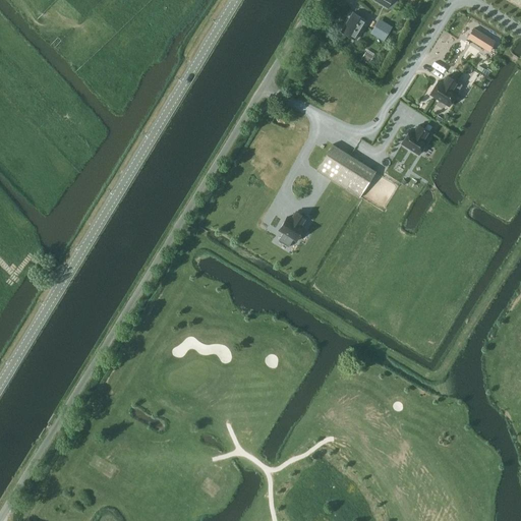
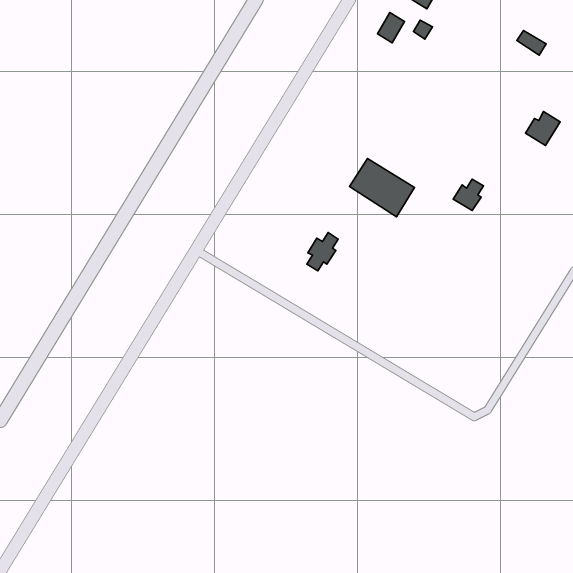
building: [431,74,463,105] -> [525,112,560,145]
building: [403,124,430,153] -> [453,179,483,211]

